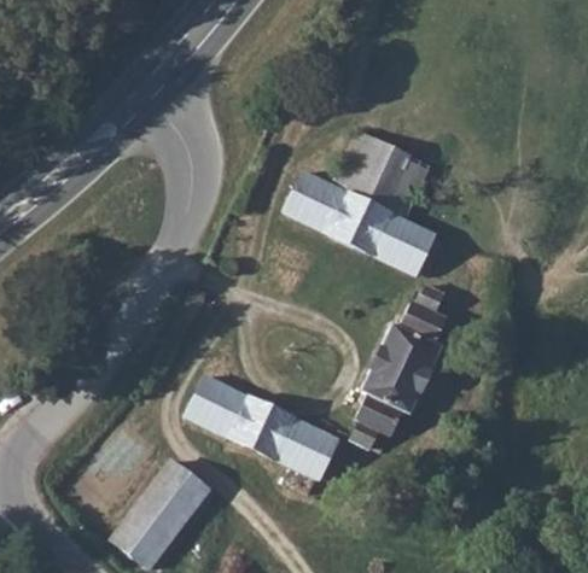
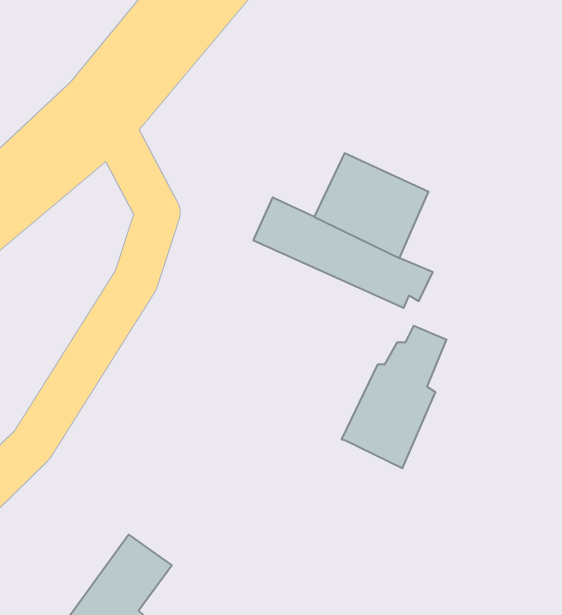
building: [190,378,340,486] -> none
building: [350,387,420,449] -> none

